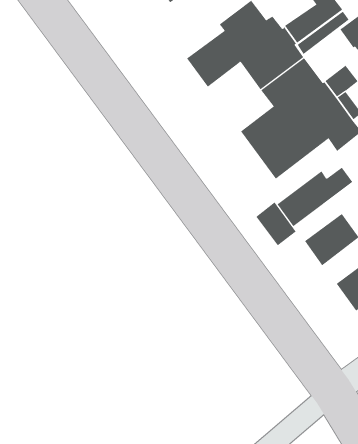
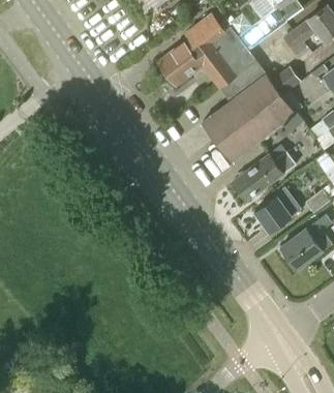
building: [255,201,296,246] -> none

